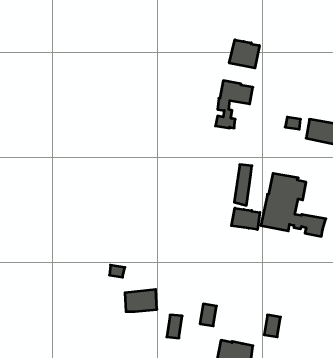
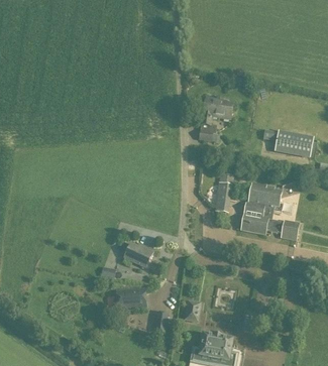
building: [229,40,259,68] -> none
building: [231,208,260,230] -> none
building: none -> [123,244,152,267]

